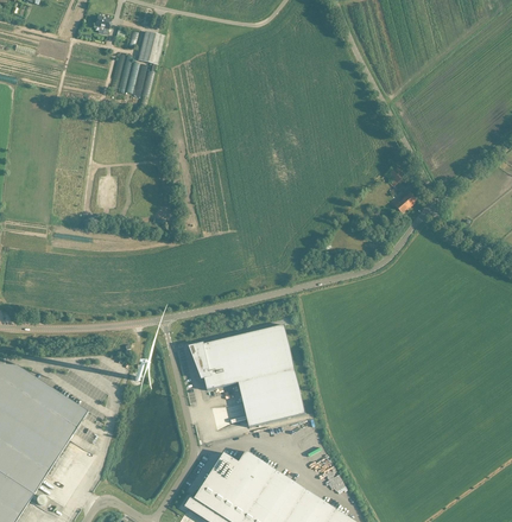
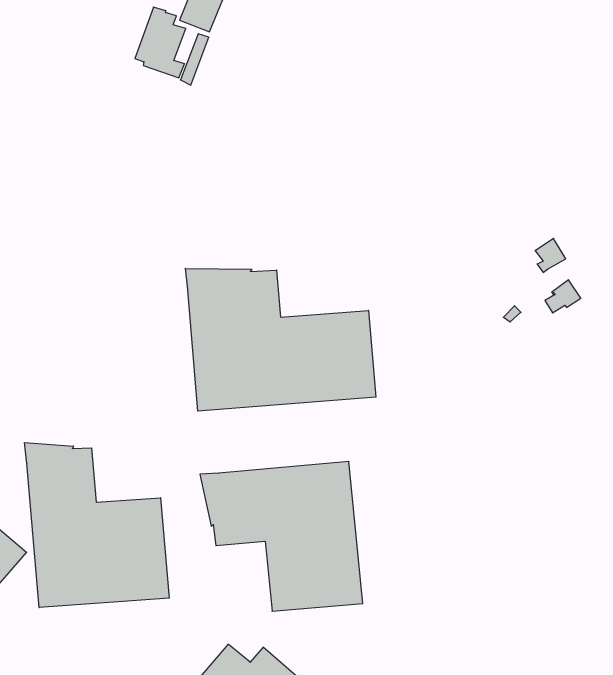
building: none -> [185,268,376,411]
building: none -> [25,443,169,608]

